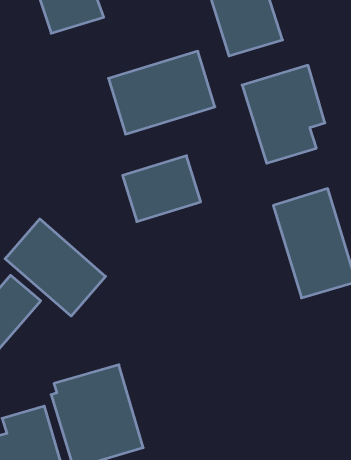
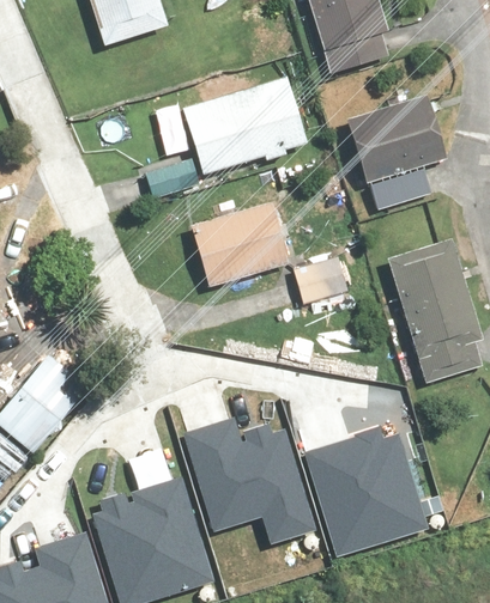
building: none -> [289,261,351,312]
building: [5,219,106,316] -> none
building: none -> [188,414,321,544]
building: none -> [303,425,431,554]

